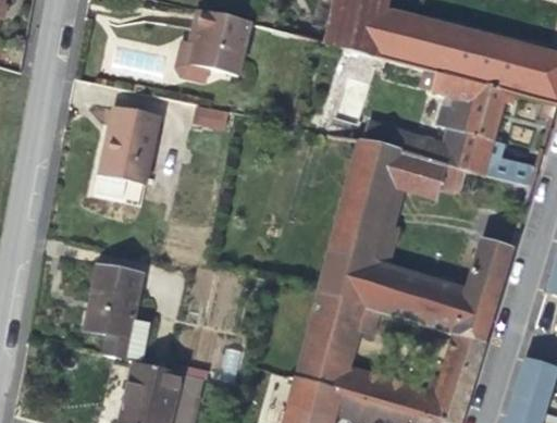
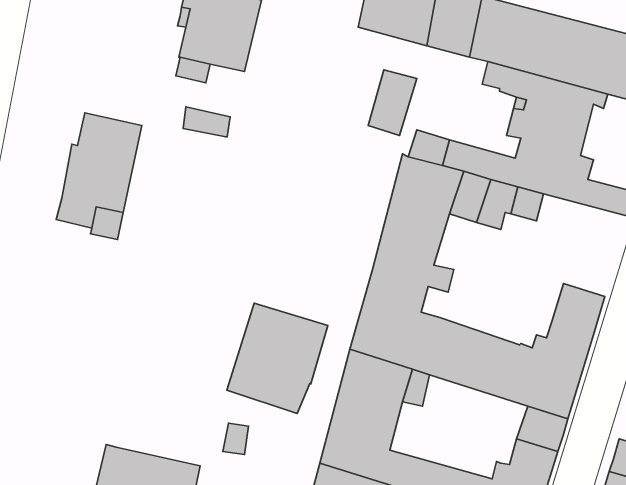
building: none -> [227,303,328,413]
building: [84,264,149,363] -> none

